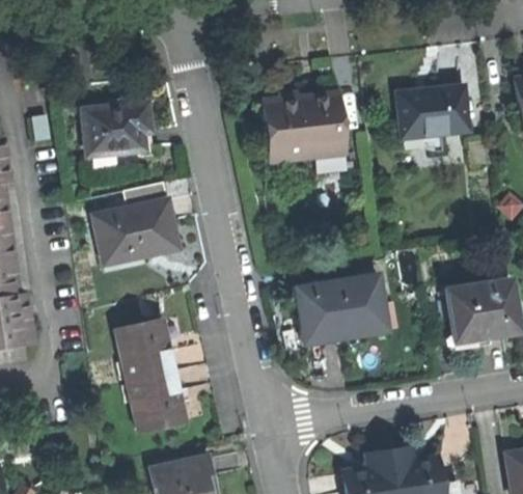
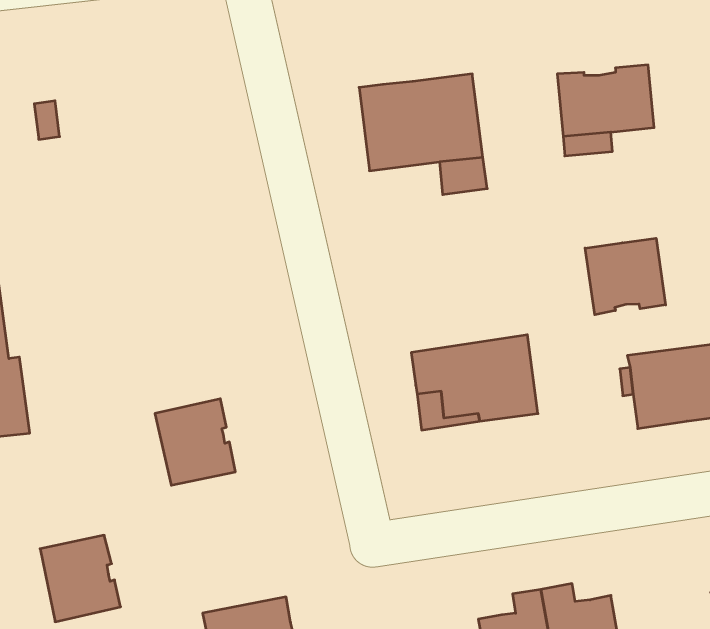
building: [82,101,149,153] -> none
building: [94,197,180,263] -> none
building: none -> [585,238,666,315]
building: [129,371,185,431] -> [40,535,121,622]

